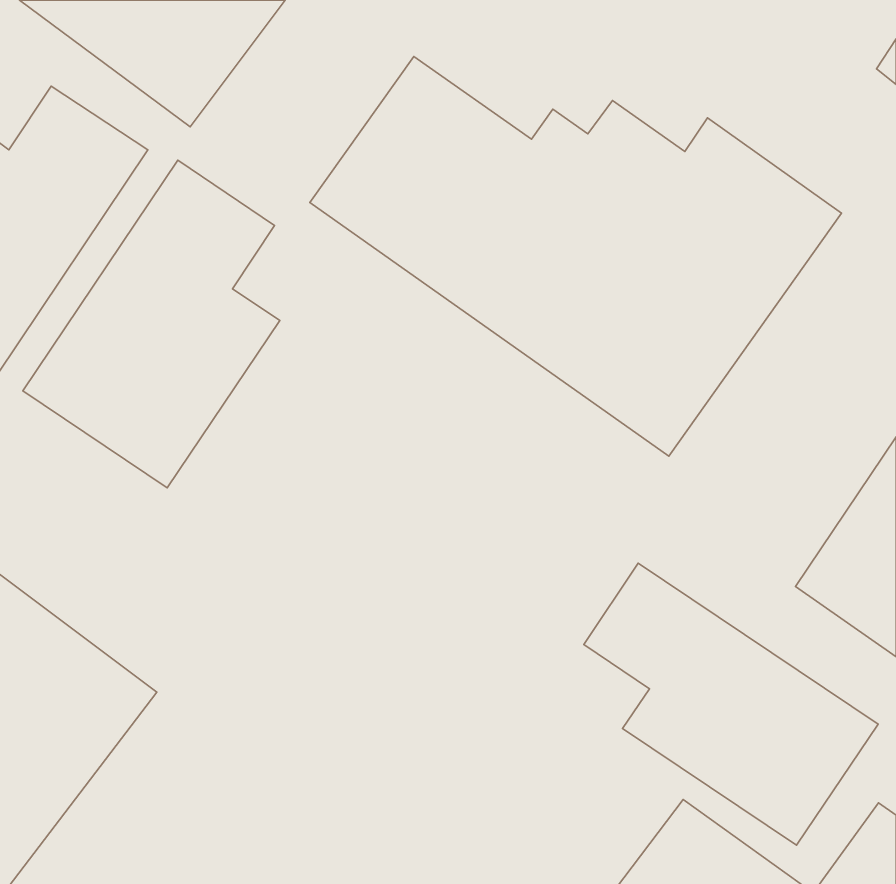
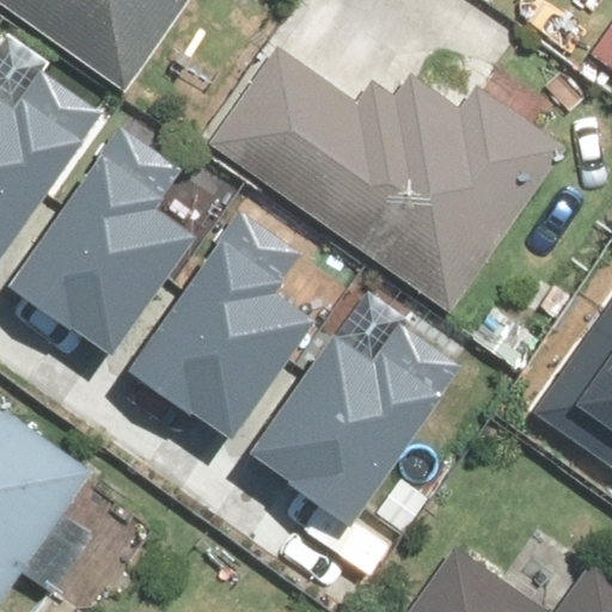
building: none -> [127,206,301,428]
building: none -> [256,307,459,508]
building: [584,563,878,845] -> none

